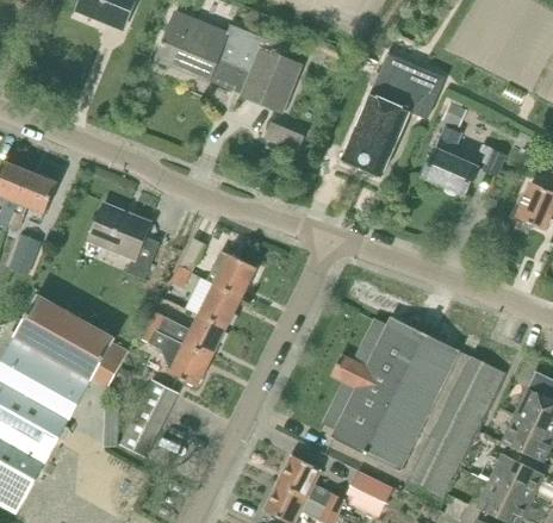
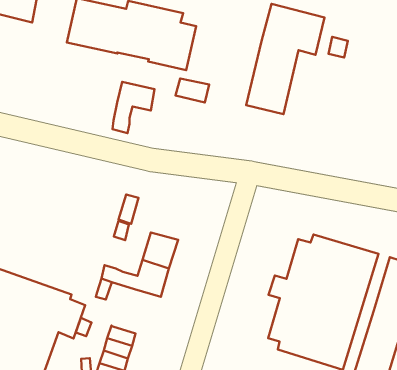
building: none -> [112,82,154,133]
building: [421,126,505,195] -> none
building: [89,203,159,280] -> none
building: [206,250,255,298] -> none
building: [168,344,211,387] -> none

